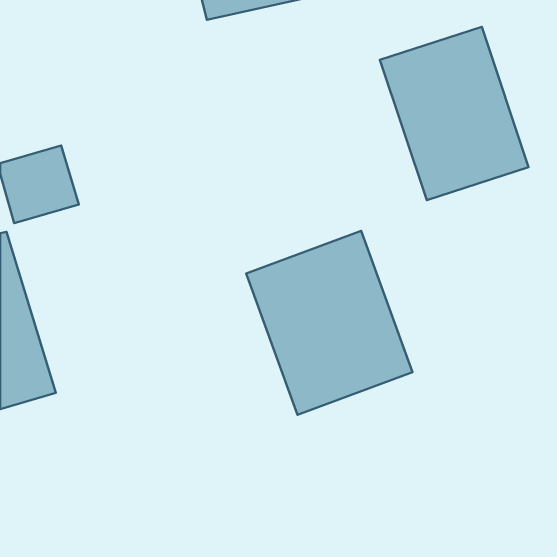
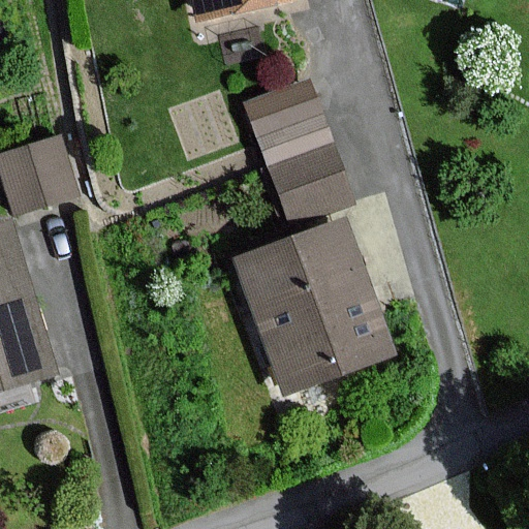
building: [380,27,529,200] -> none
building: none -> [247,81,350,222]

